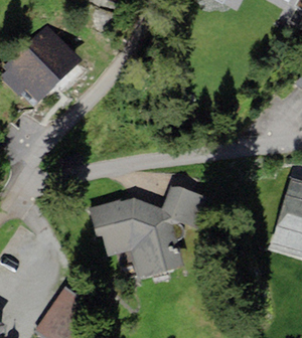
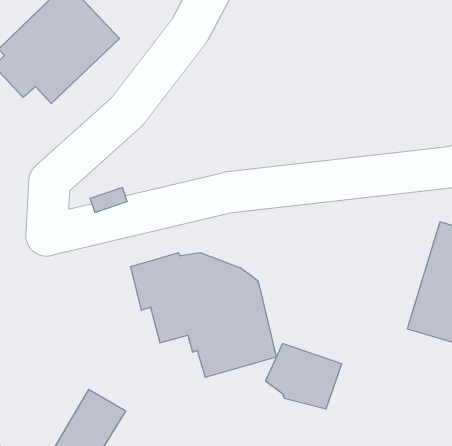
building: [161,185,210,227] -> [266,344,342,409]

